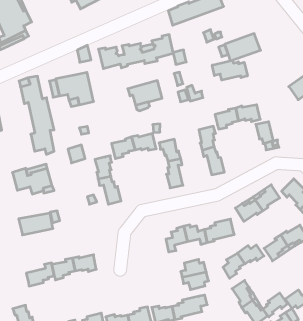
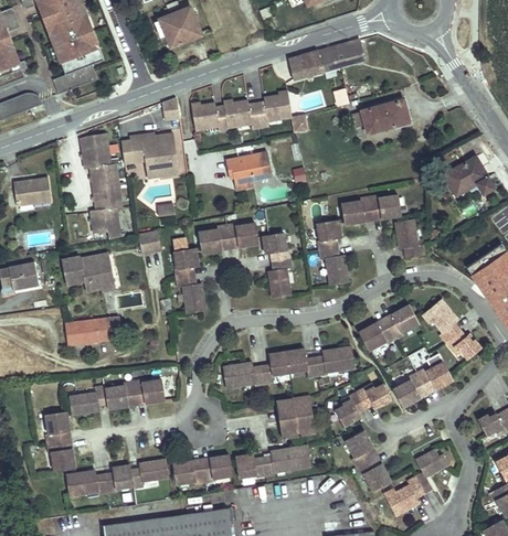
building: [212,60,247,80] -> none
building: none -> [222,364,263,388]
building: none -> [44,411,66,443]
building: [263,293,287,317] -> none

